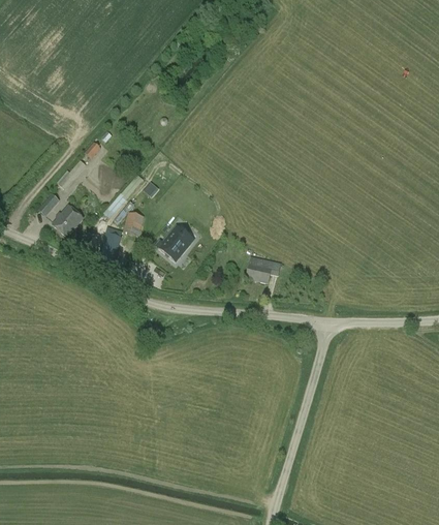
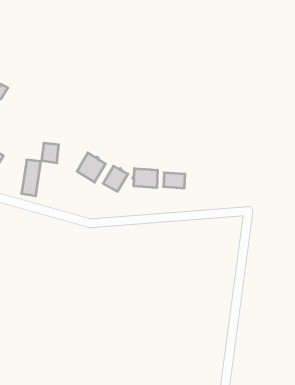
building: none -> [103,166,128,191]
building: none -> [133,168,157,188]

